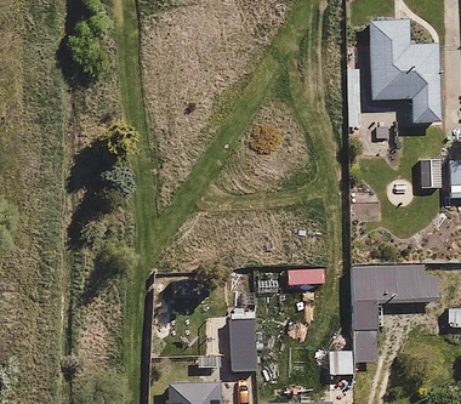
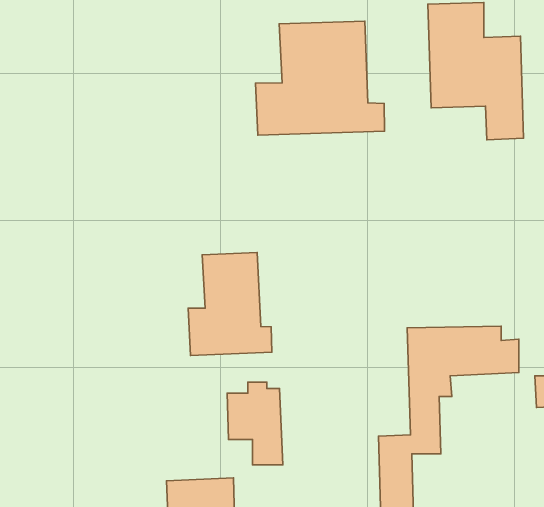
building: none -> [255,21,385,135]
building: none -> [188,252,272,355]

